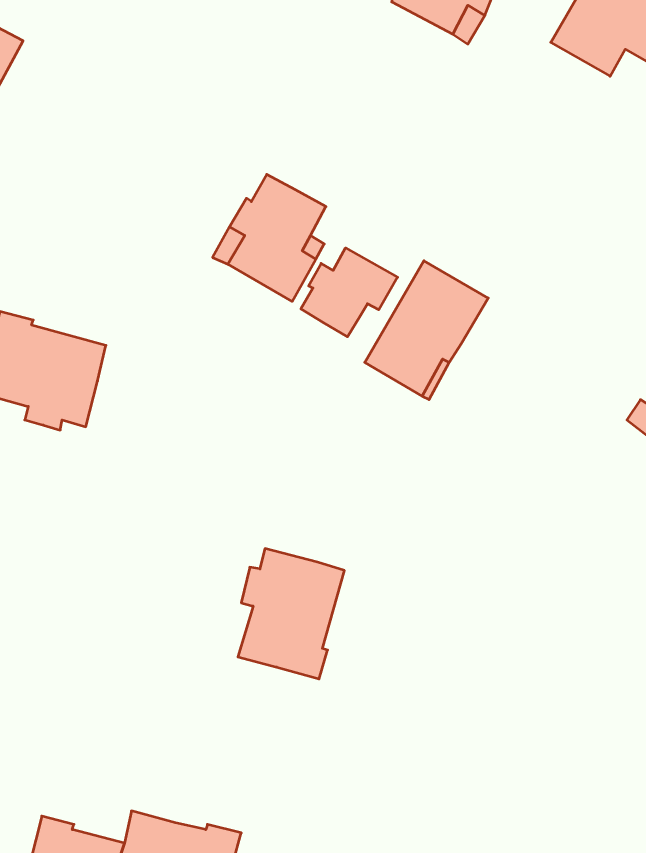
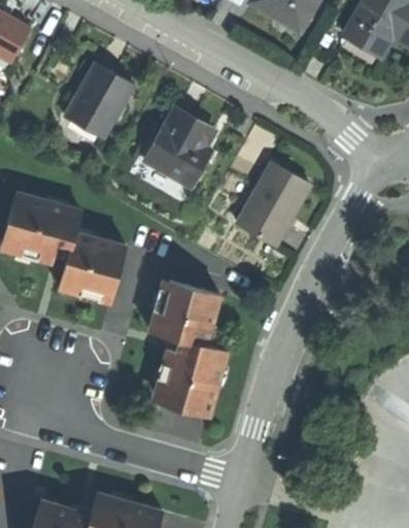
building: none -> [64,63,133,138]
building: [301,248,398,337] -> none
building: none -> [60,235,125,295]
building: none -> [149,283,218,345]

